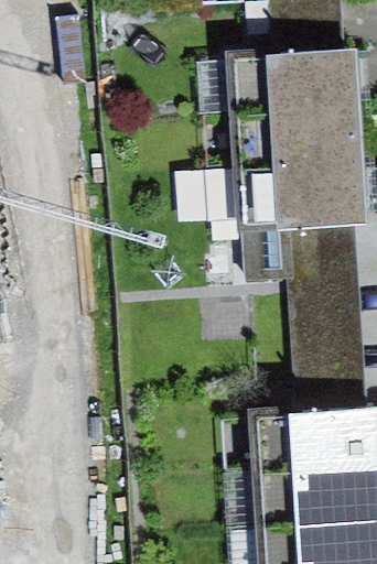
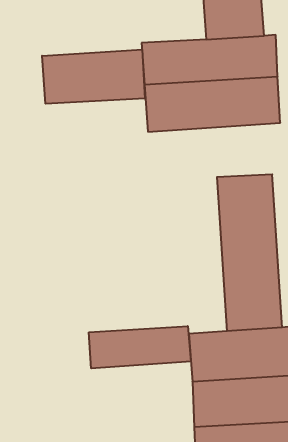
building: none -> [42,50,145,104]
building: [202,165,365,286] -> none
building: none -> [89,326,191,368]

